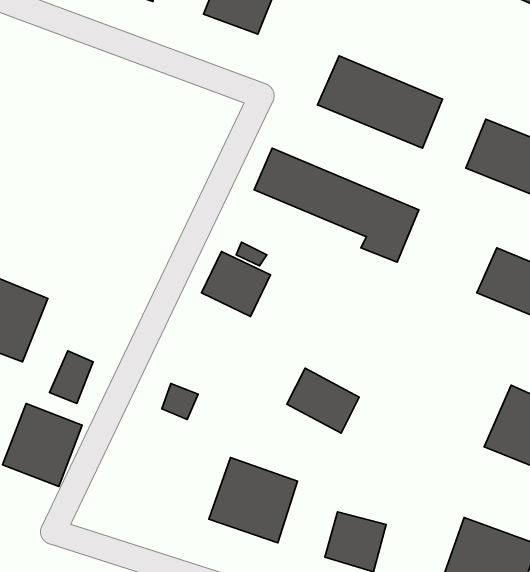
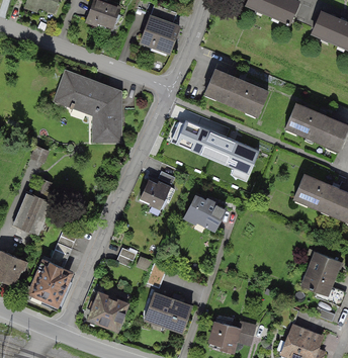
building: none -> [51,70,122,142]
building: [287,368,359,433] -> [186,194,227,231]
building: none -> [86,291,130,336]

